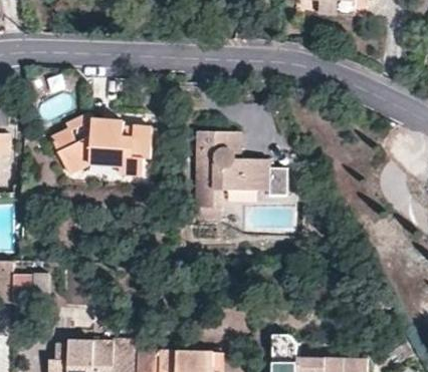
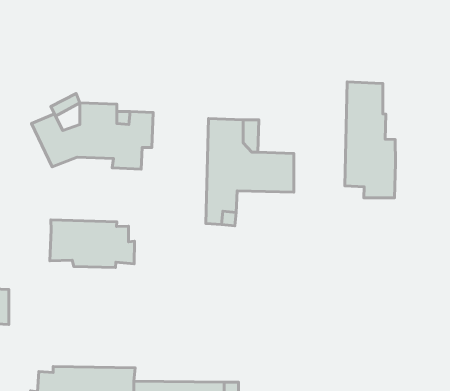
building: none -> [345,82,395,198]
building: none -> [50,220,134,268]

